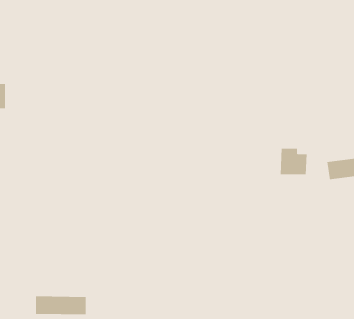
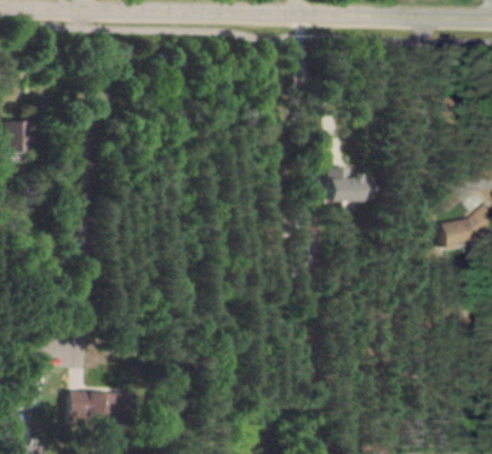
building: [280,148,307,175] -> [327,168,362,202]

